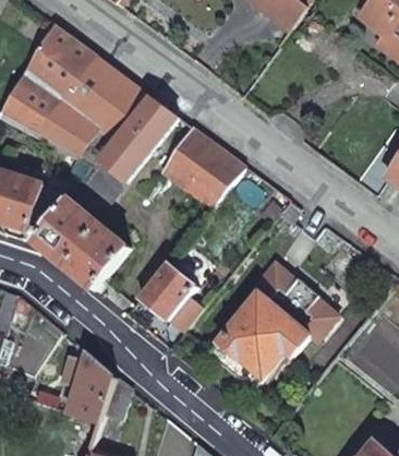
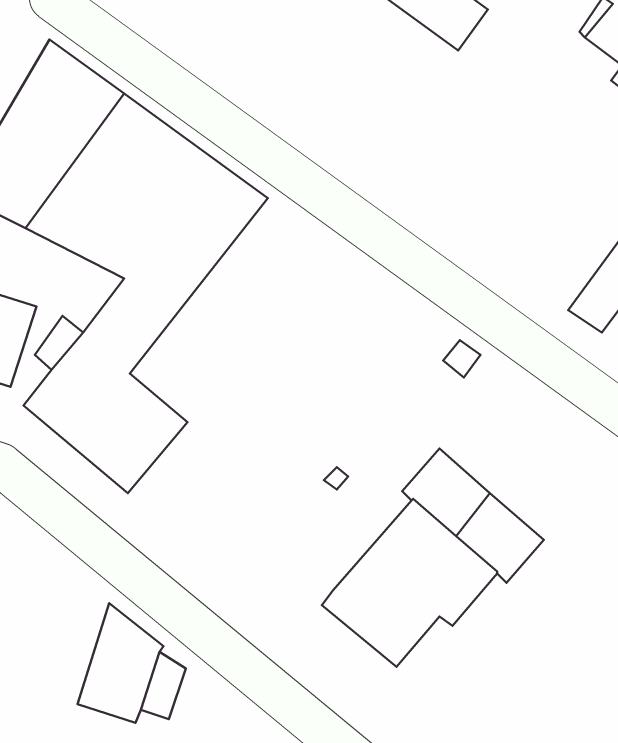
building: [164,129,243,206] -> none
building: [138,261,201,331] -> none

